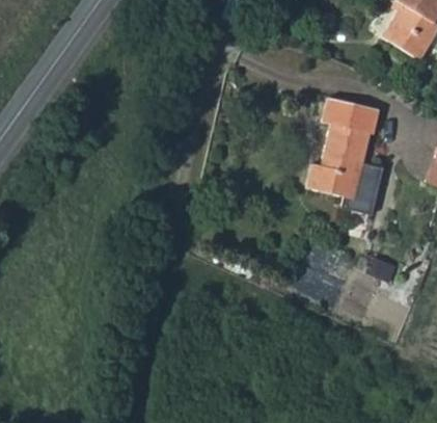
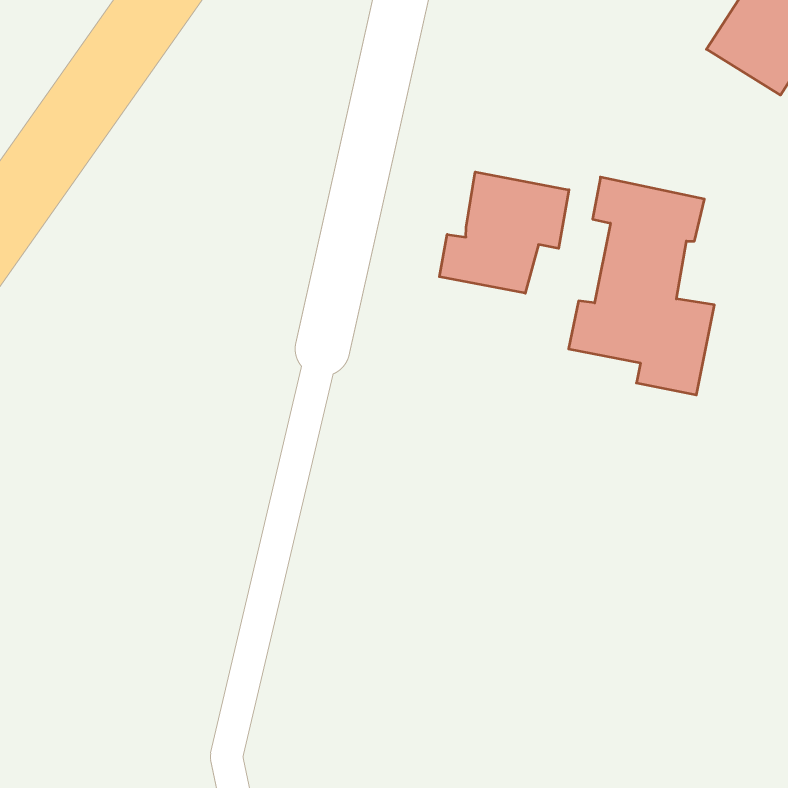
building: none -> [439,172,569,293]

